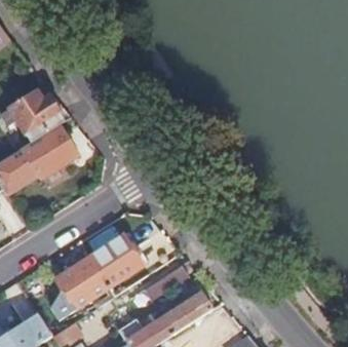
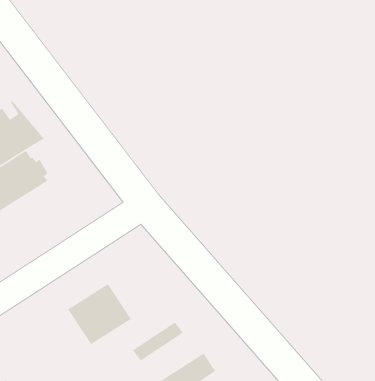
building: [55,257,108,309] -> none

